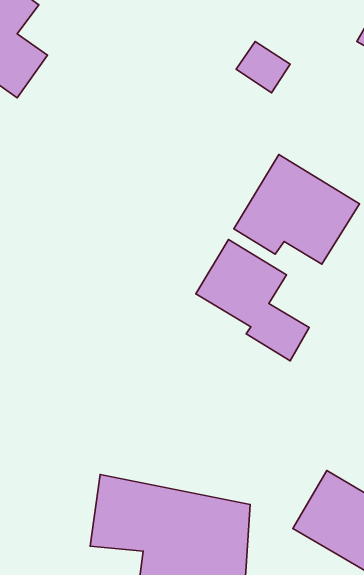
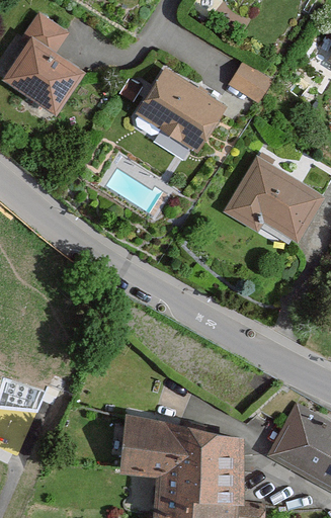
building: none -> [137,69,225,150]
building: [196,239,309,361] -> none

